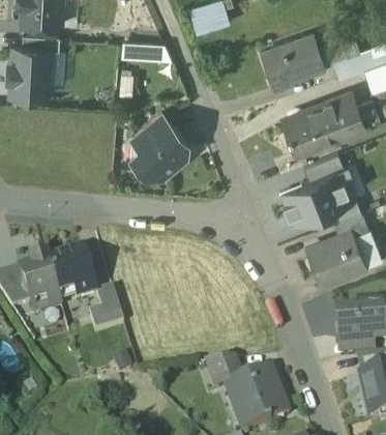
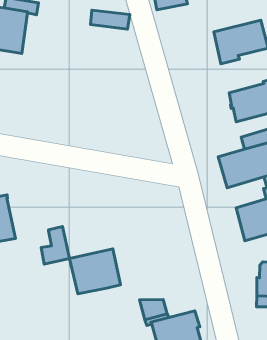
building: [130,111,187,174] -> none
building: [46,250,97,306] -> none
building: none -> [69,249,120,294]

